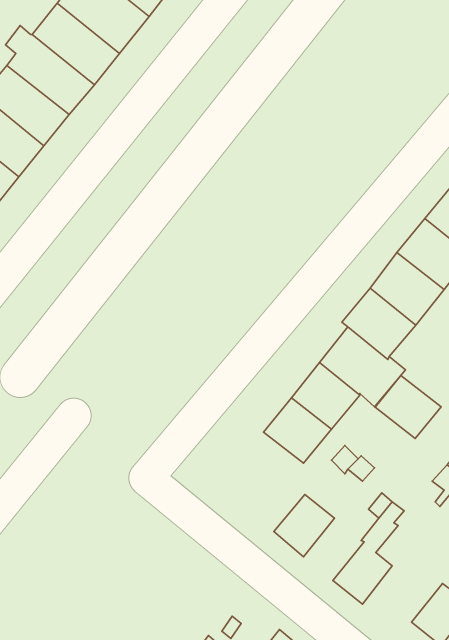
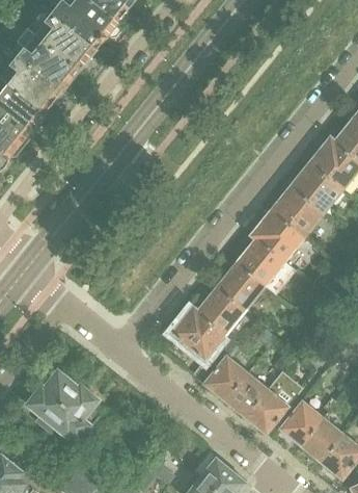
building: [375,375,441,439] -> none
building: none -> [172,308,224,359]
building: none -> [27,371,103,442]
building: none -> [224,372,267,416]
building: none -> [279,400,322,445]

